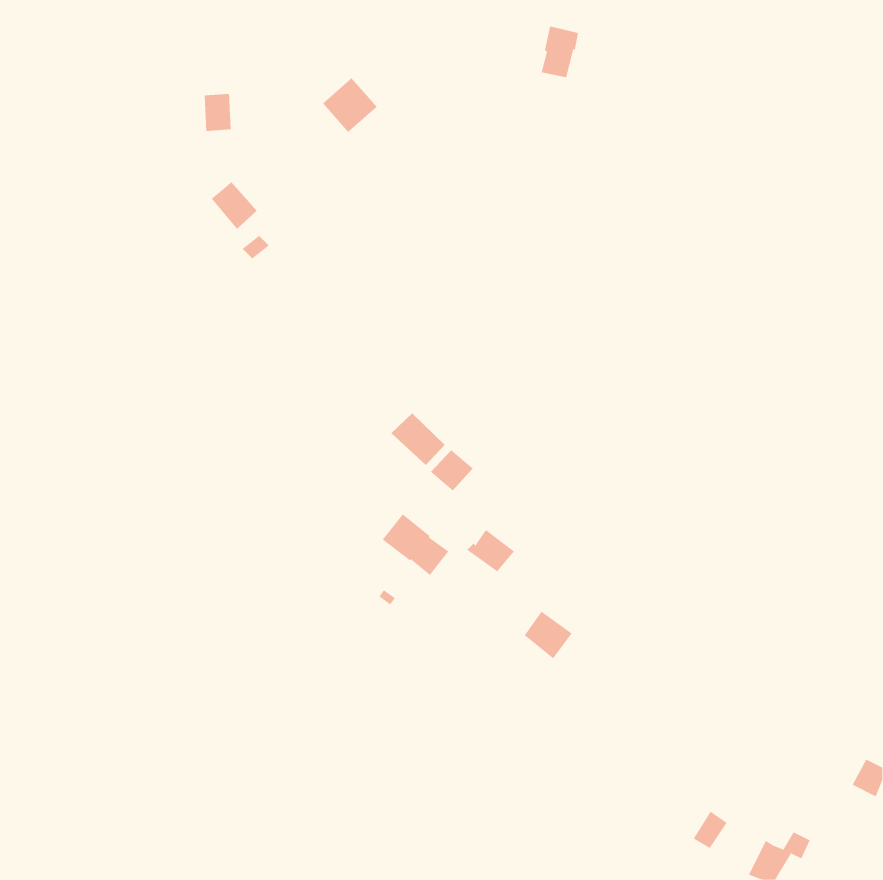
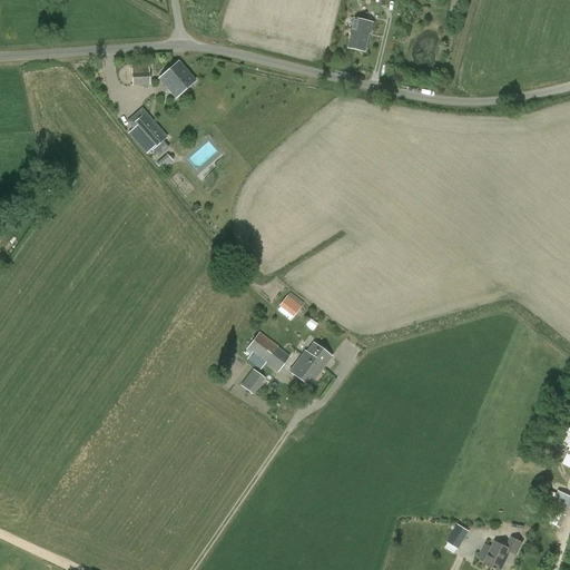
building: [322,77,377,133] -> [159,60,195,96]
building: [391,412,445,466] -> none
building: [524,611,572,659] -> [289,354,321,385]

